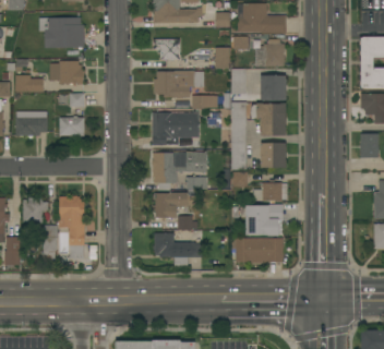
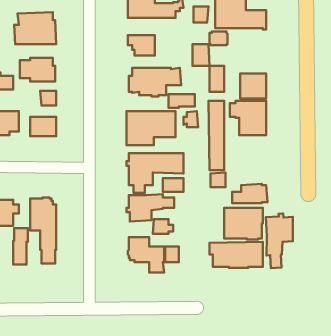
building: [255,39,284,67] -> none
building: [260,143,286,168] -> none
building: none -> [266,214,293,268]

